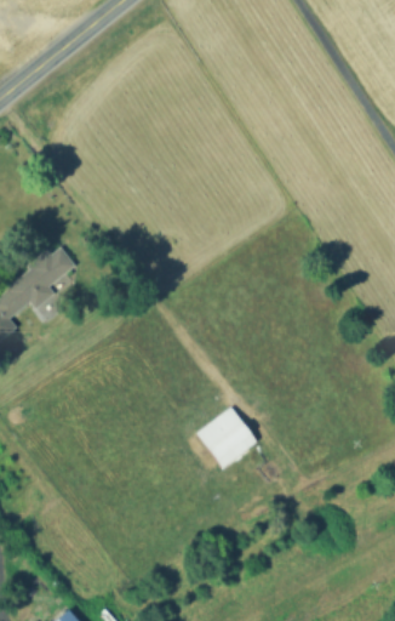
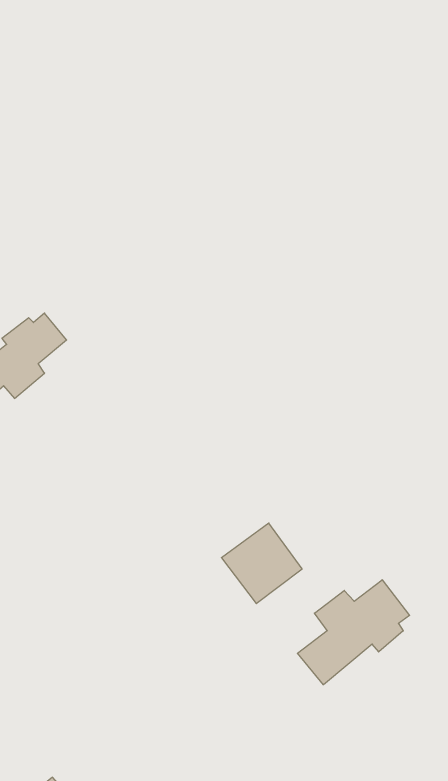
building: none -> [297,580,410,685]

